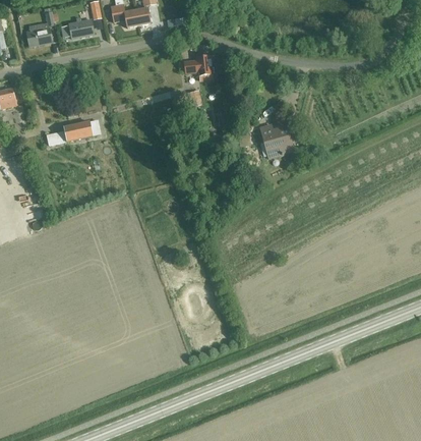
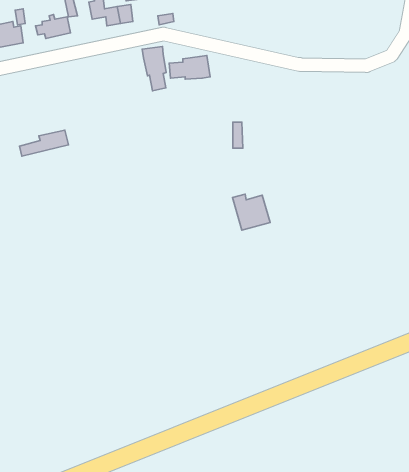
building: none -> [142,47,166,91]
building: [259,124,293,157] -> [233,194,270,230]

